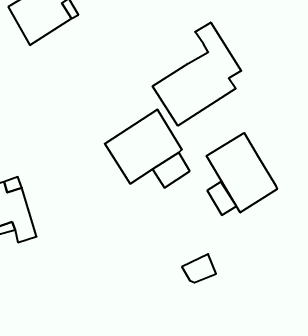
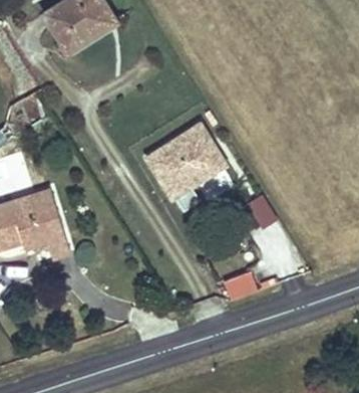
building: [153,22,241,126] -> none
building: [207,133,277,213] -> none

